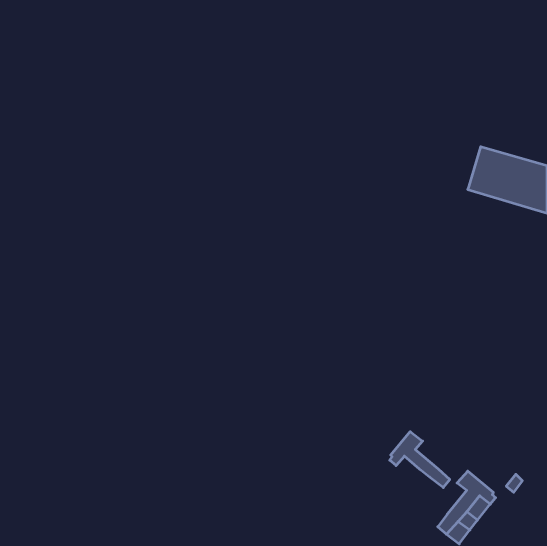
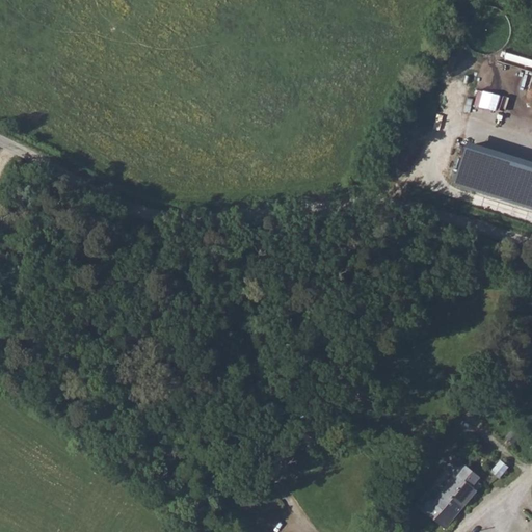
building: [390,432,450,488] -> none

